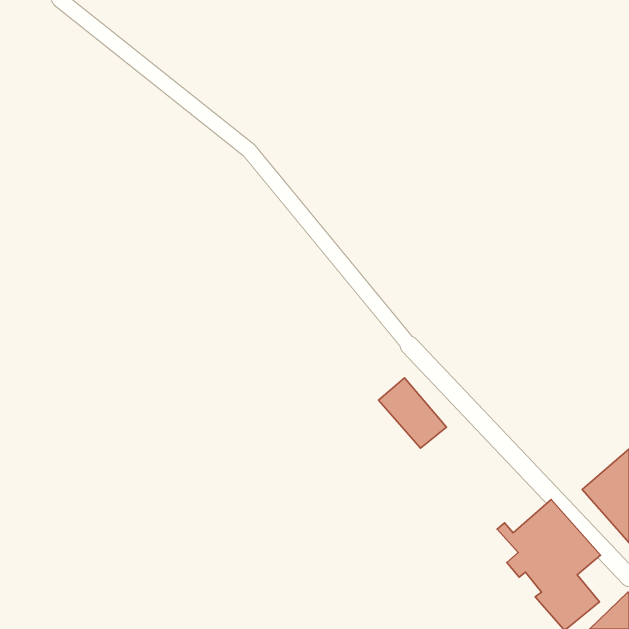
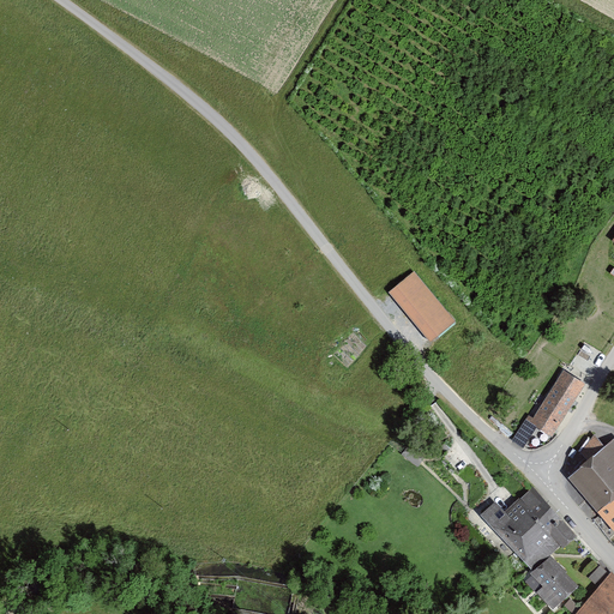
building: [379,378,446,448] -> [389,271,455,339]
building: none -> [511,368,585,446]

